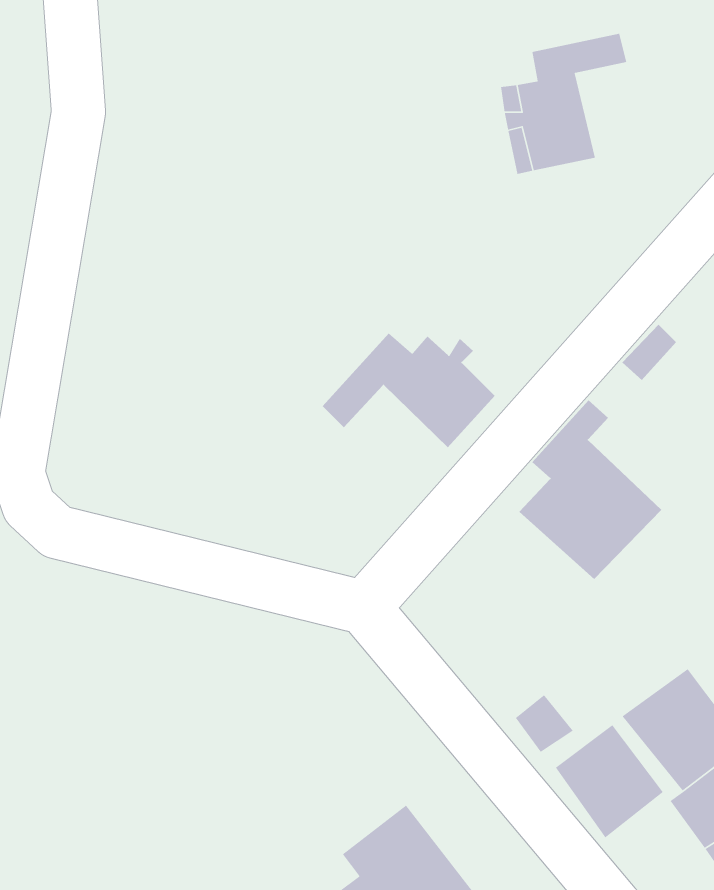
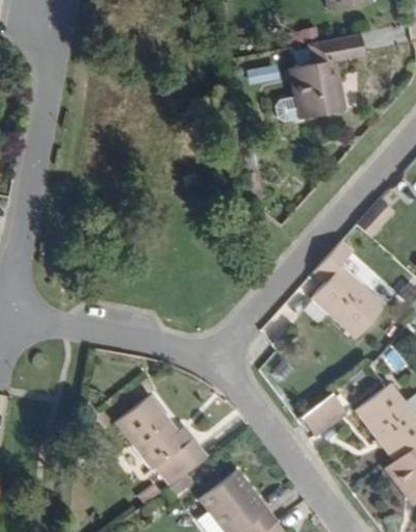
building: [322,332,495,448] -> none
building: none -> [116,394,209,477]
building: [555,724,664,838] -> none

